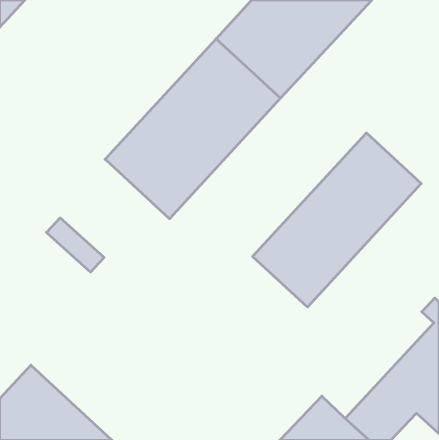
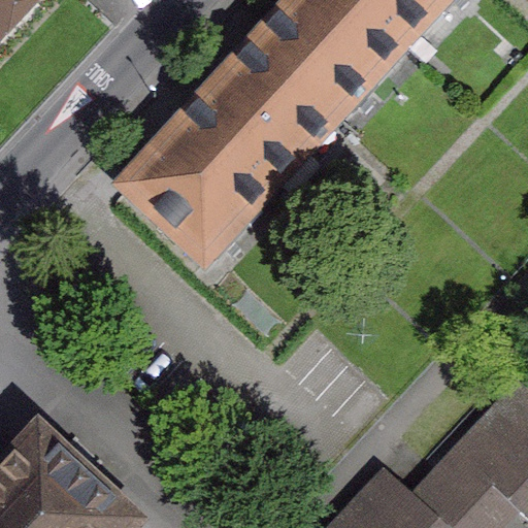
building: [253,133,421,307] -> none

